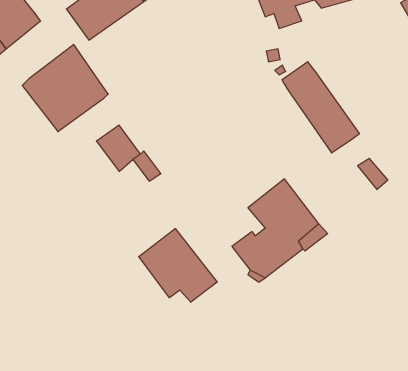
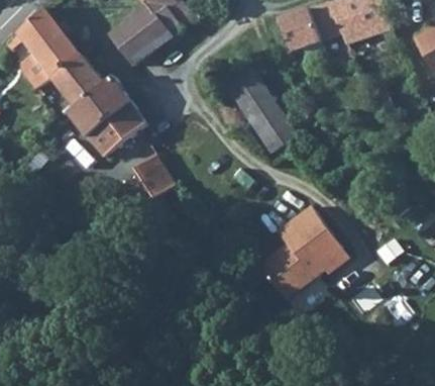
building: none -> [47,54,103,108]
building: [282,62,359,153] -> [225,64,298,150]
building: [139,229,217,302] -> none

